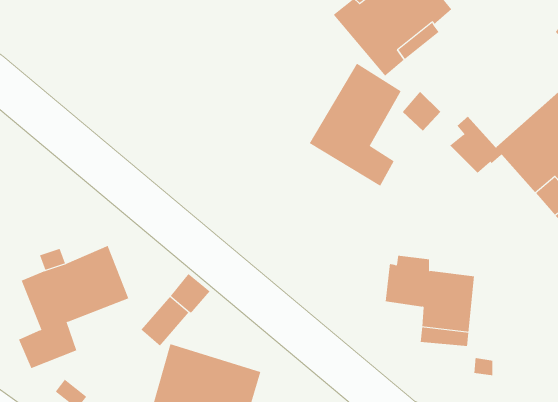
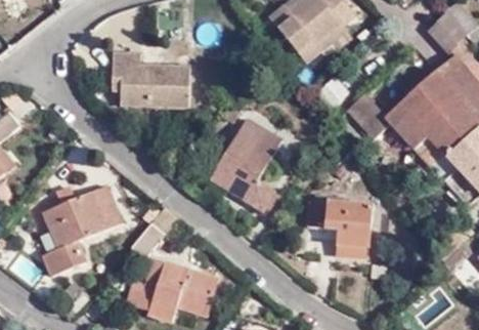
building: none -> [113,50,188,105]
building: [309,63,402,187] -> [211,122,278,212]

